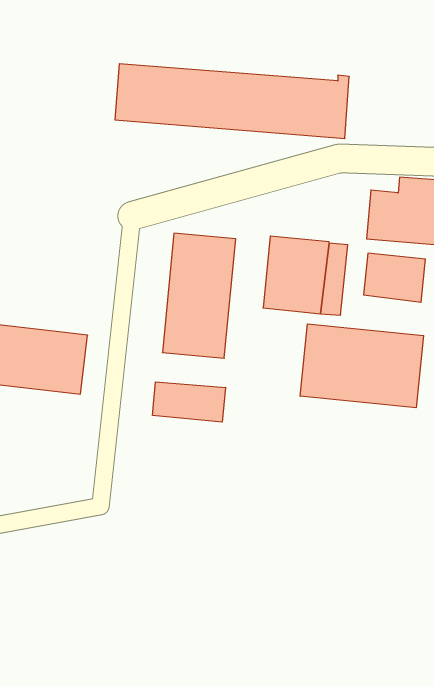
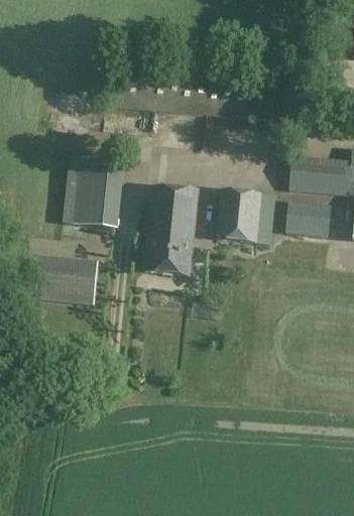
building: none -> [63,158,125,231]
building: [300,324,424,408] -> none
building: [153,382,226,422] -> none

